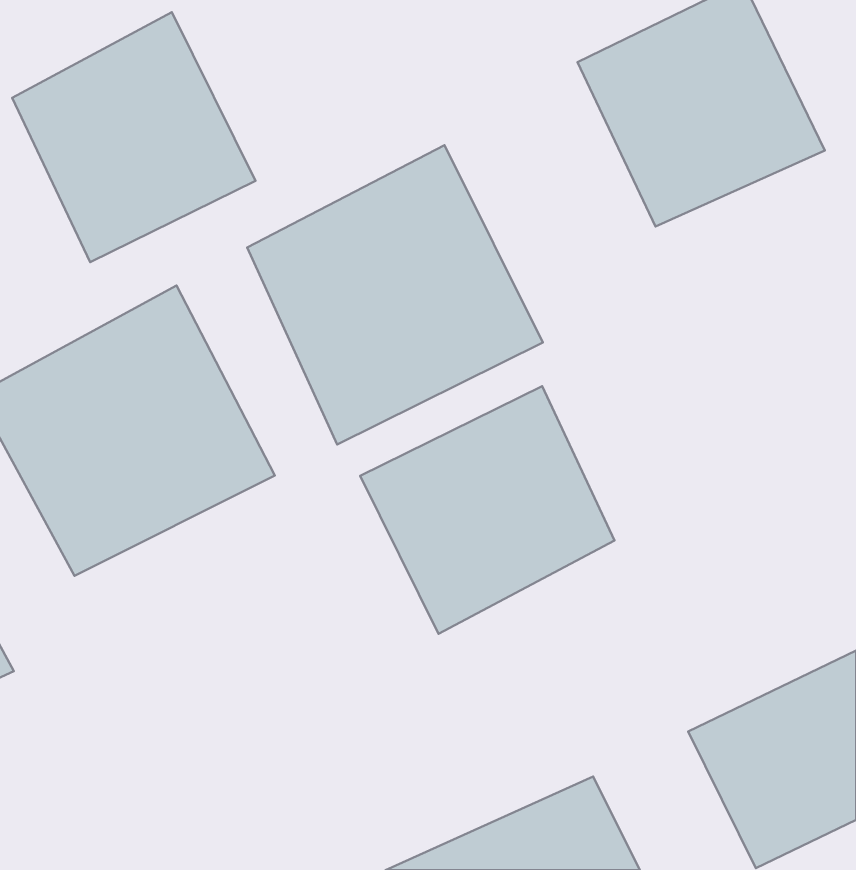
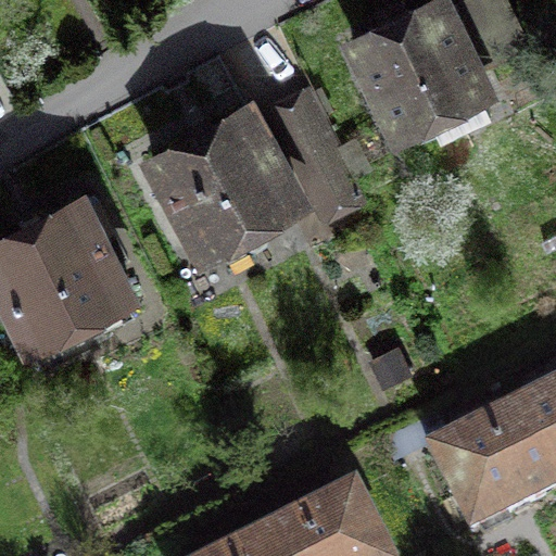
building: [12,12,255,262] -> none
building: [360,386,615,634] -> none

